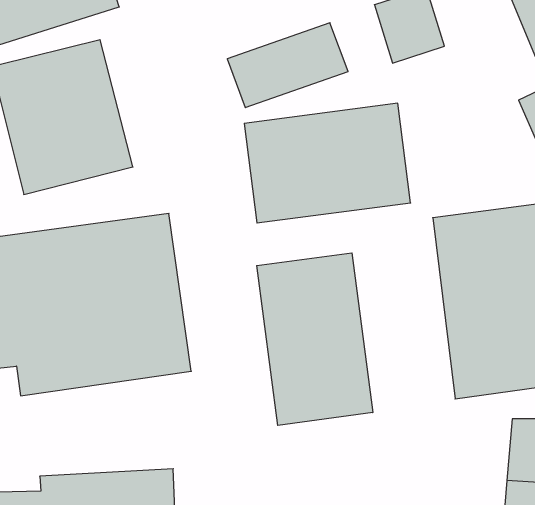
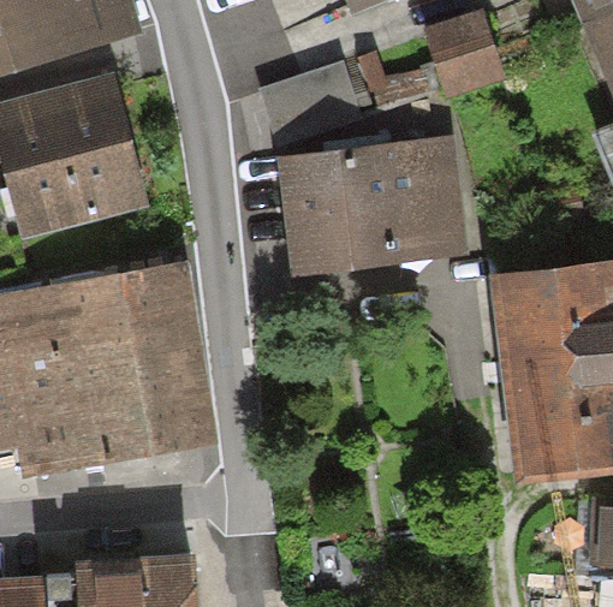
building: [257,253,373,425] -> none

